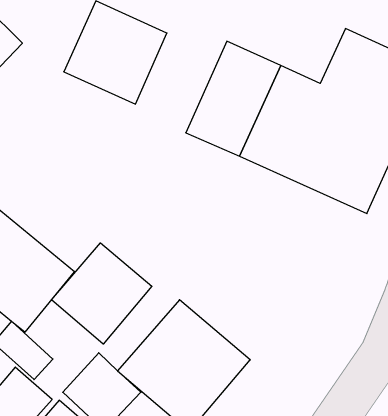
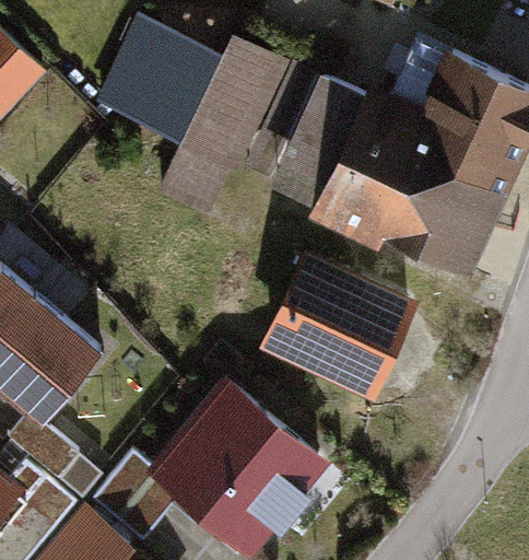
building: none -> [161,39,295,224]
building: none -> [262,243,420,393]
building: [51,243,152,344] -> none

